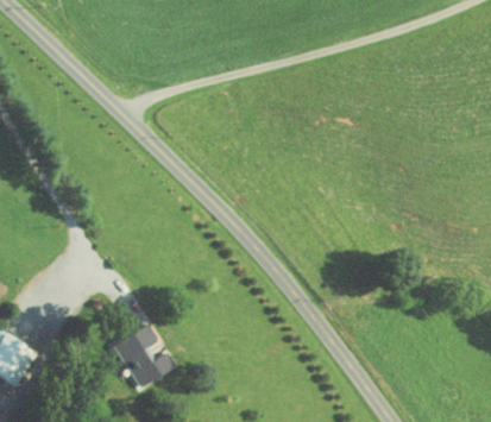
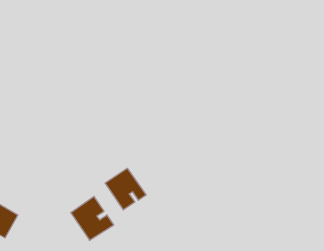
building: none -> [105,168,146,210]

